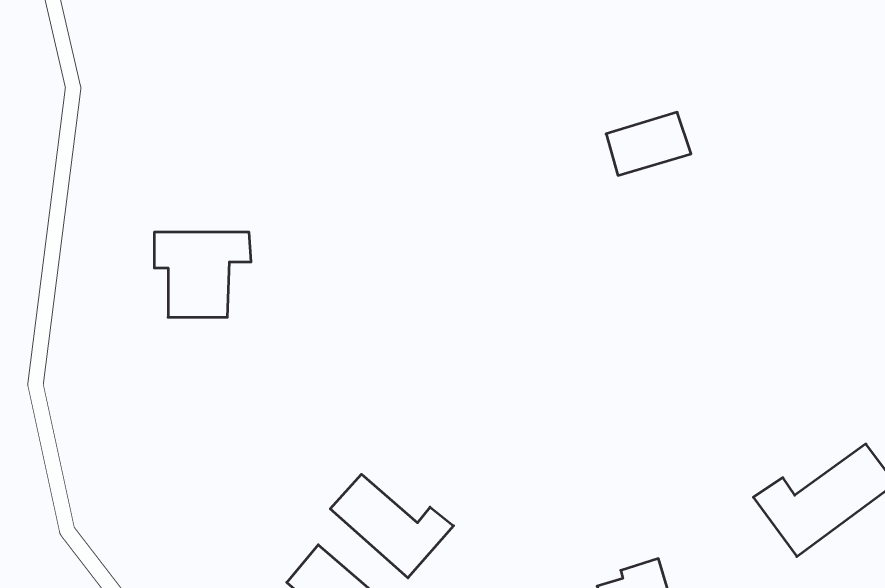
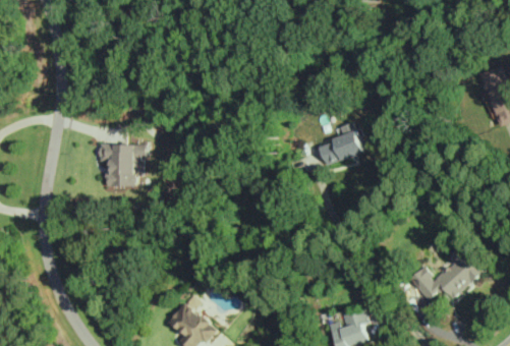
building: [606,112,691,175] -> [319,133,362,166]
building: [330,474,454,578] -> none

